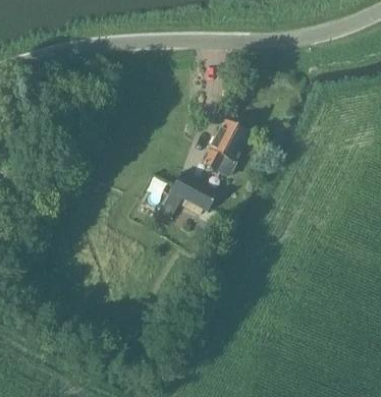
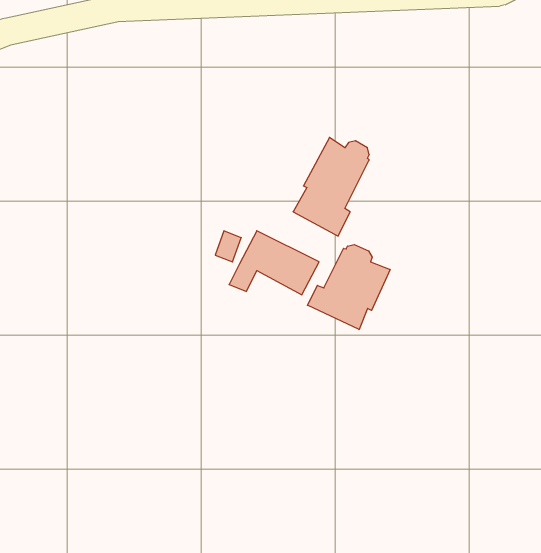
building: none -> [307,245,390,330]

